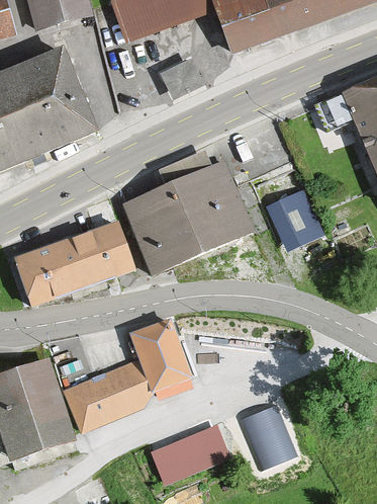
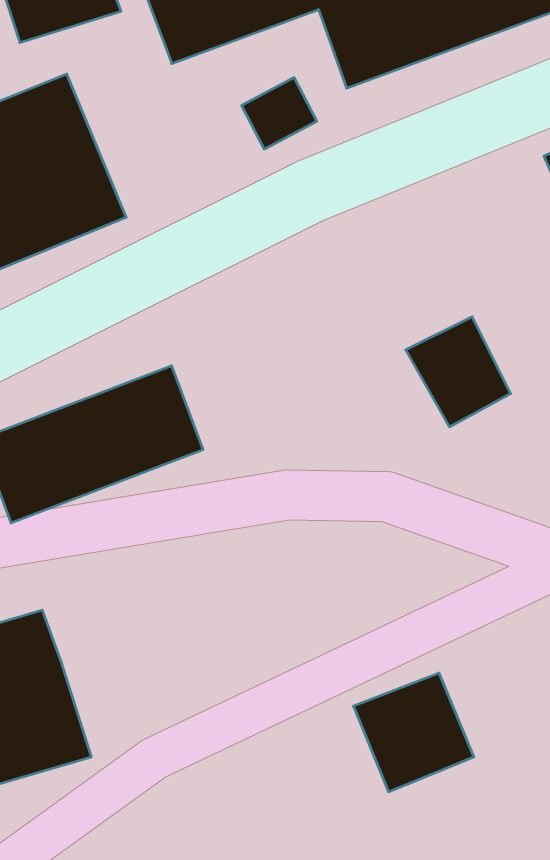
building: [119,161,255,275] -> none
building: [129,318,192,393] -> none
building: [62,359,148,433] -> none
building: [148,421,226,485] -> none

